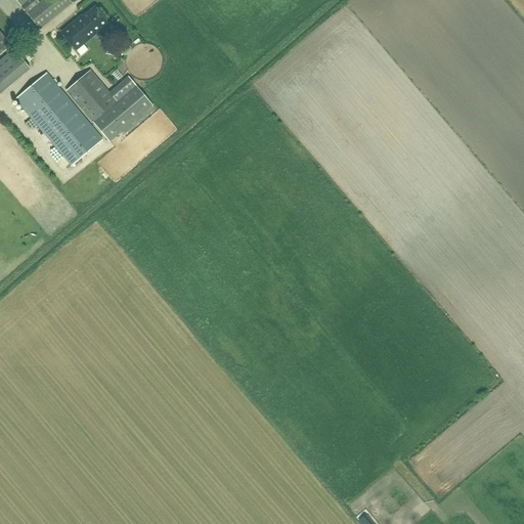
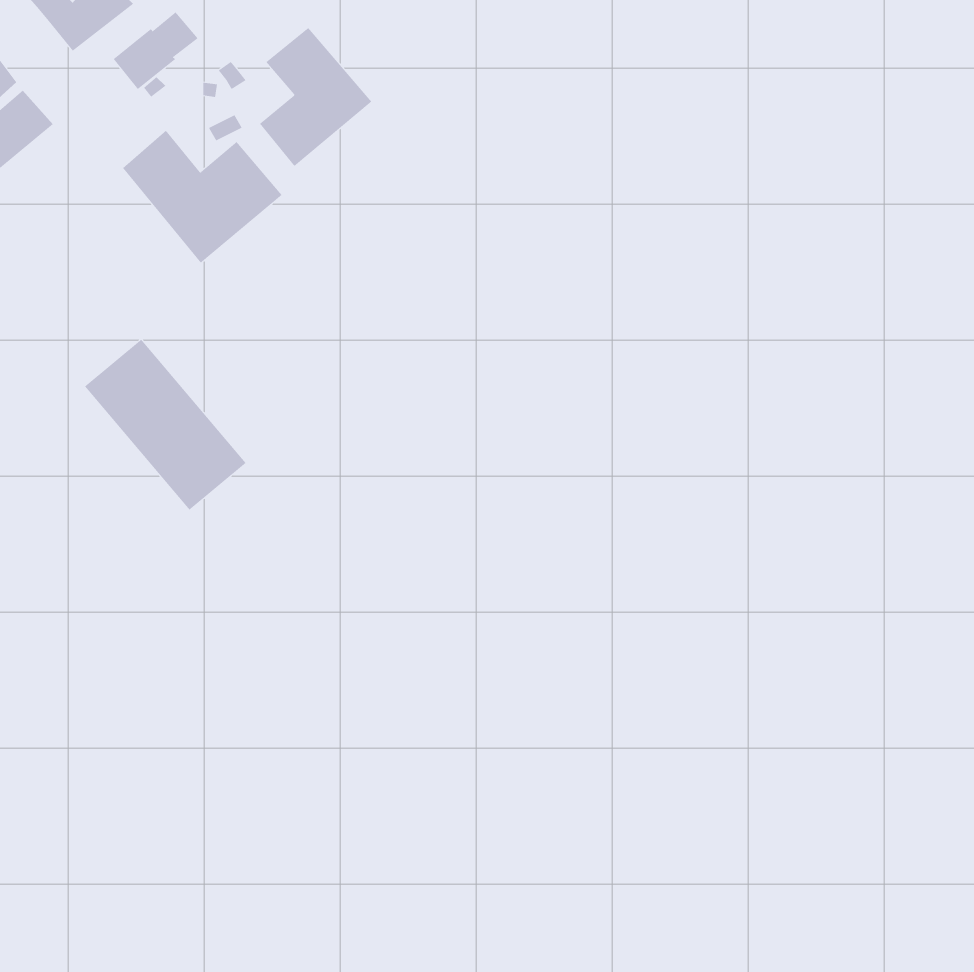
building: none -> [259,27,372,167]
building: [14,72,101,164] -> [84,339,246,511]

